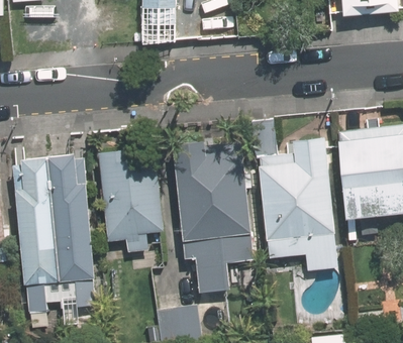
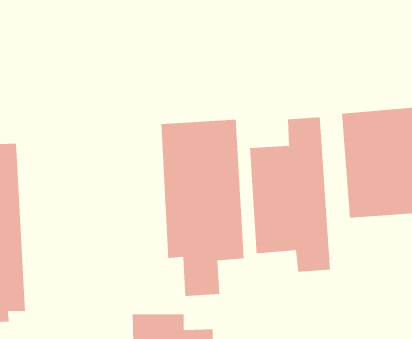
building: [101,147,163,250] -> none
building: [52,155,94,313] -> none

